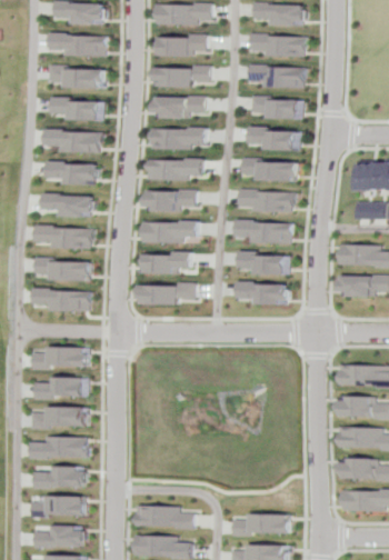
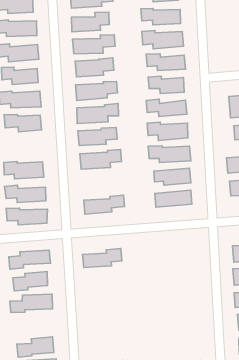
building: [44,192,94,216] -> none
building: [143,251,196,273] -> [83,249,122,267]
building: [32,436,91,459] -> none

